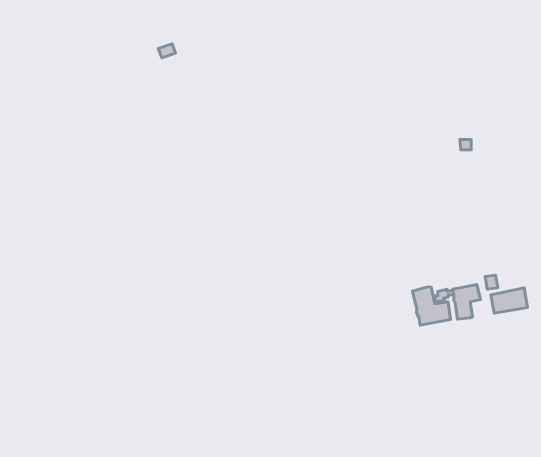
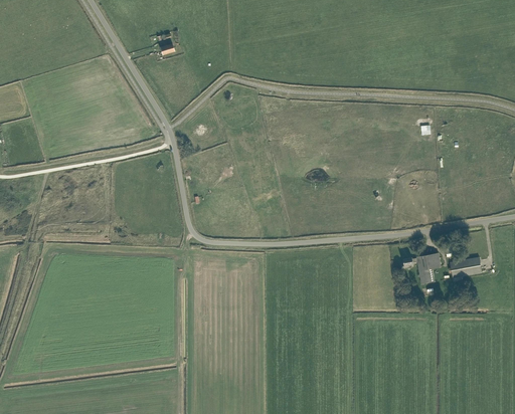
building: [413,287,451,325] -> none

